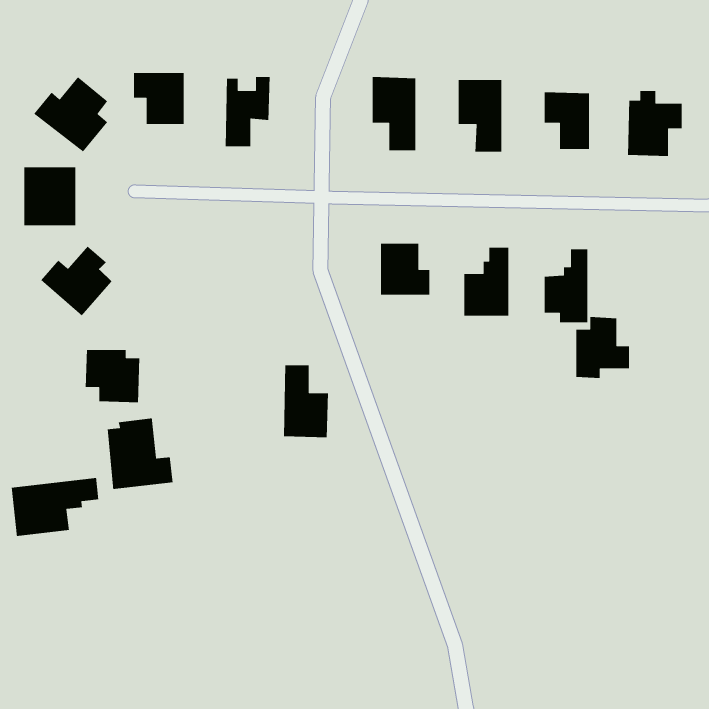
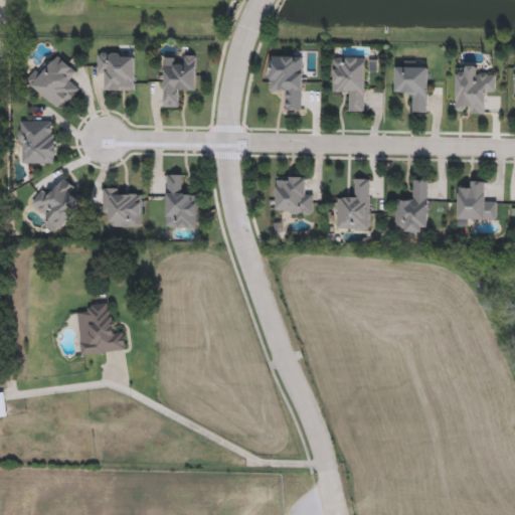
building: [576,316,630,379] -> [457,180,496,225]
building: [85,349,140,403] -> [102,188,142,227]
building: [283,365,329,438] -> [165,175,198,228]
building: [11,477,99,537] -> none

